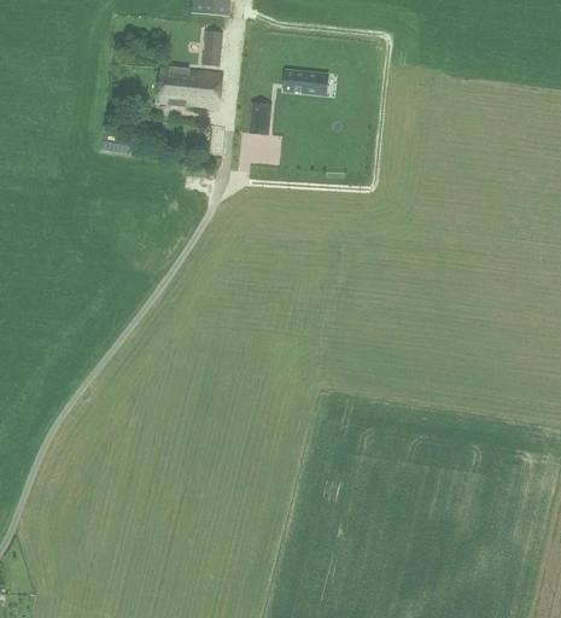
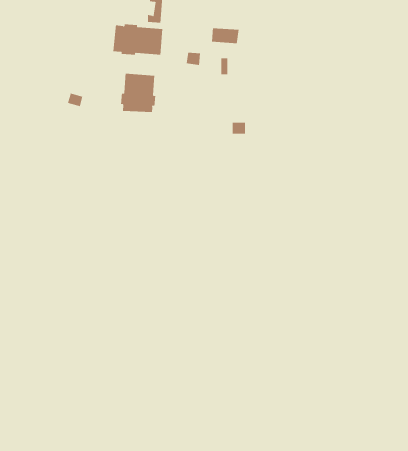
building: none -> [121,73,156,113]

